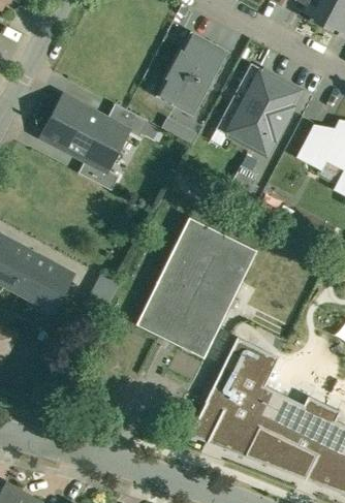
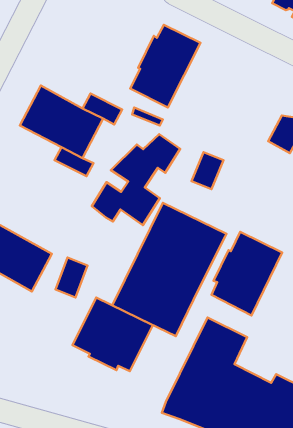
building: [225,66,306,157] -> none
building: none -> [92,134,180,225]
building: none -> [211,232,282,315]
building: none -> [73,298,153,371]

